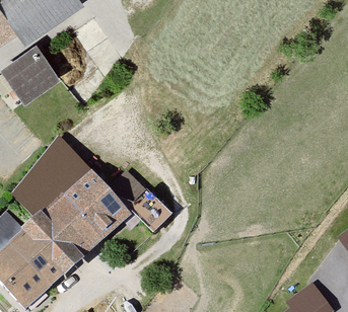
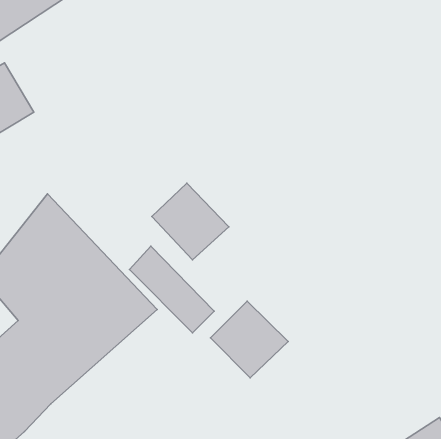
building: none -> [152,183,229,260]
building: none -> [211,301,288,378]

